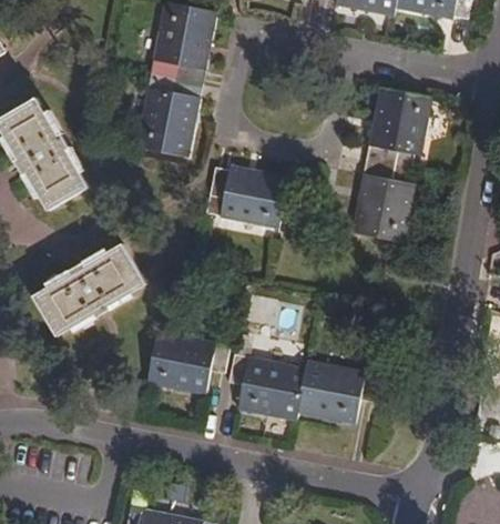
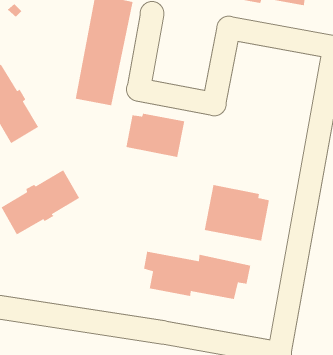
building: [353,87,432,242] -> none
building: none -> [204,184,270,241]
building: [145,331,228,394] -> none

